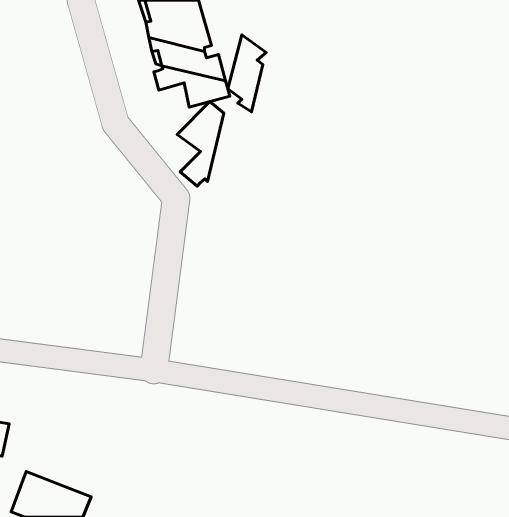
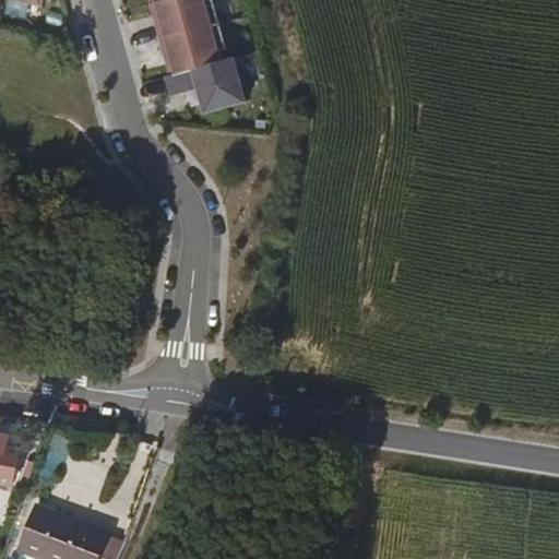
building: [228,35,266,112] -> none
building: [177,102,224,186] -> none

